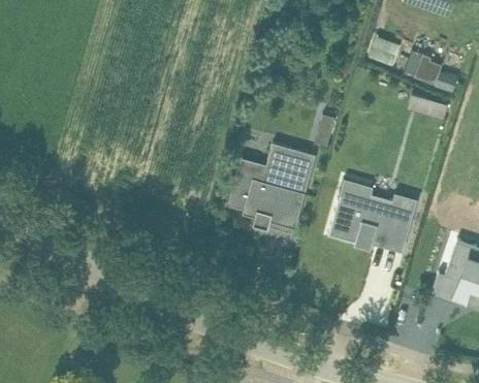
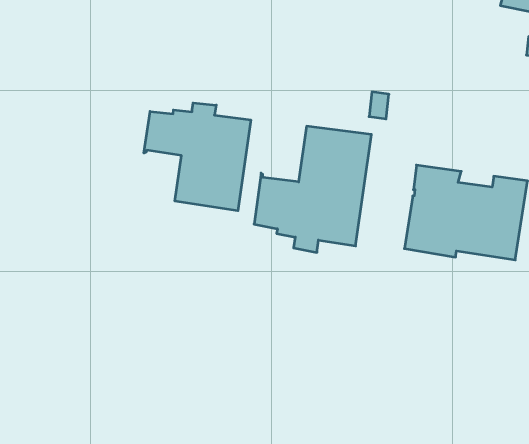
building: none -> [144,103,251,211]

